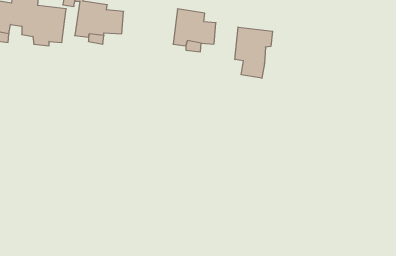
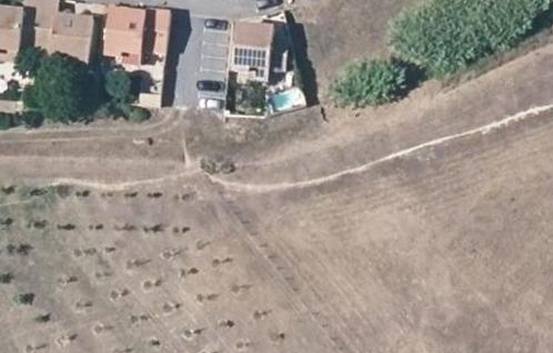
building: [235,27,273,78] -> none

